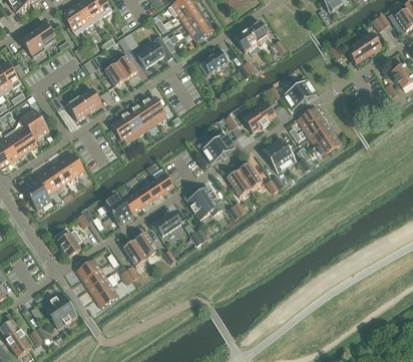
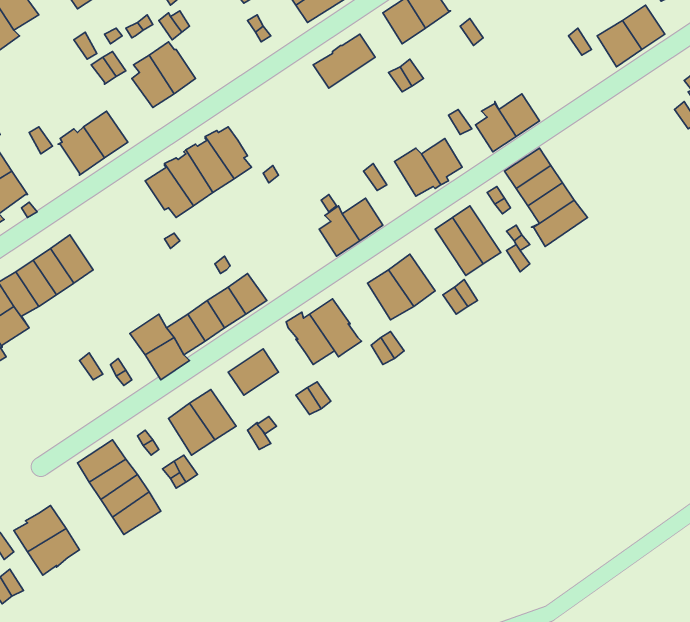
building: [138,35,172,67] -> none
building: [54,227,82,257] -> none

